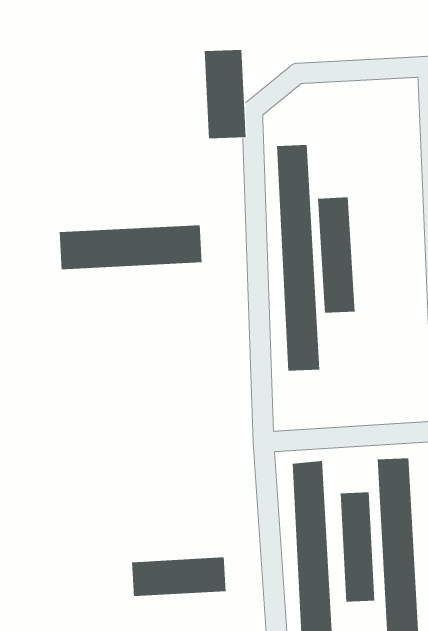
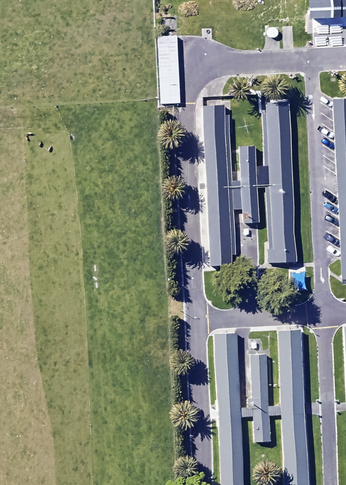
building: none -> [260,102,299,266]
building: [59,225,202,270] -> none
building: [131,556,226,597] -> none

